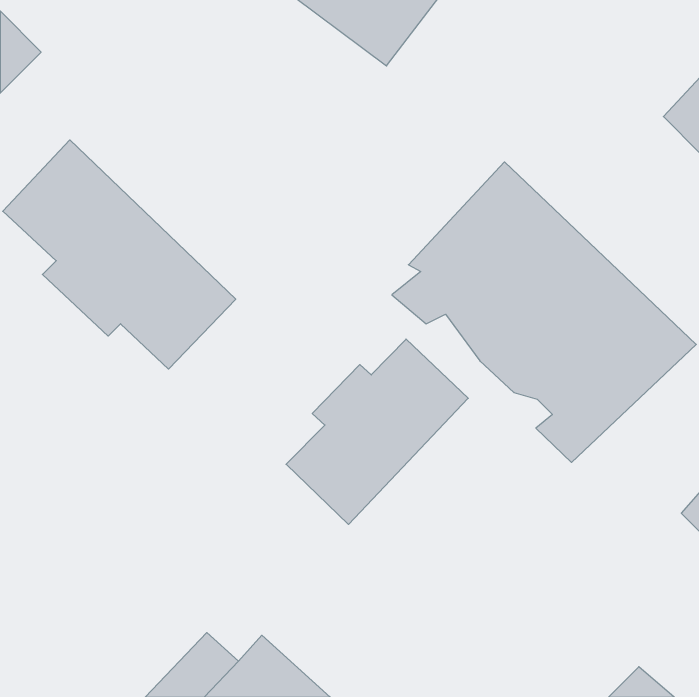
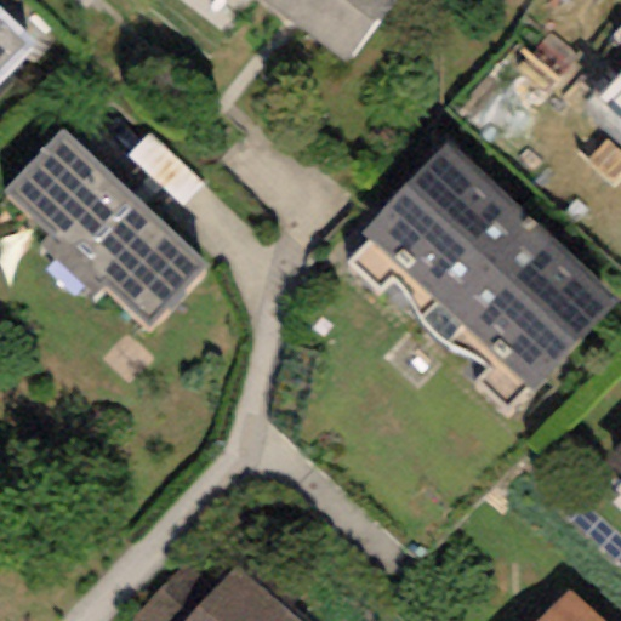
building: [286,339,468,524] -> none

